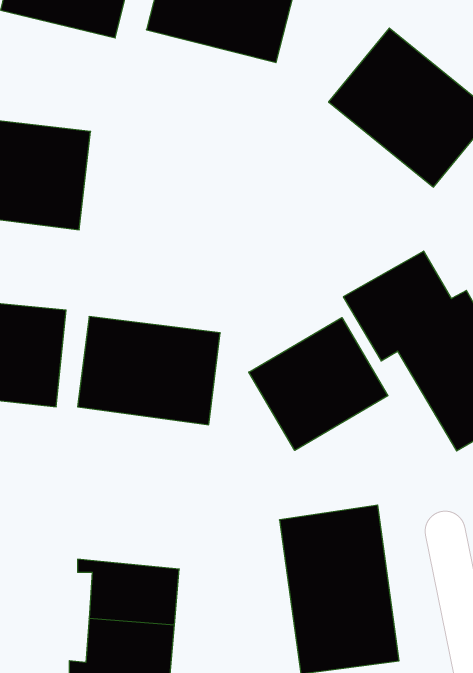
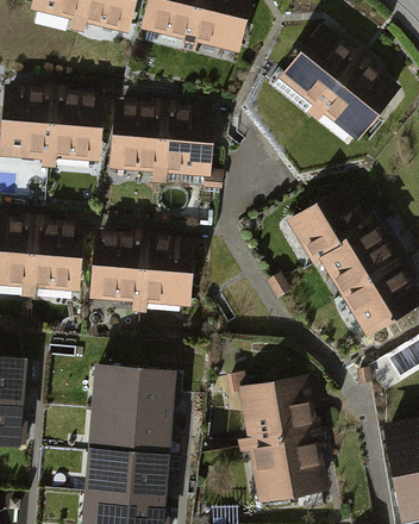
building: none -> [111,104,215,185]
building: [249,318,388,450] -> none
building: none -> [104,370,177,418]

